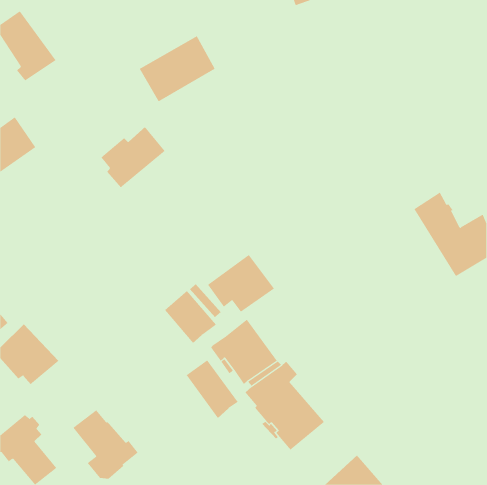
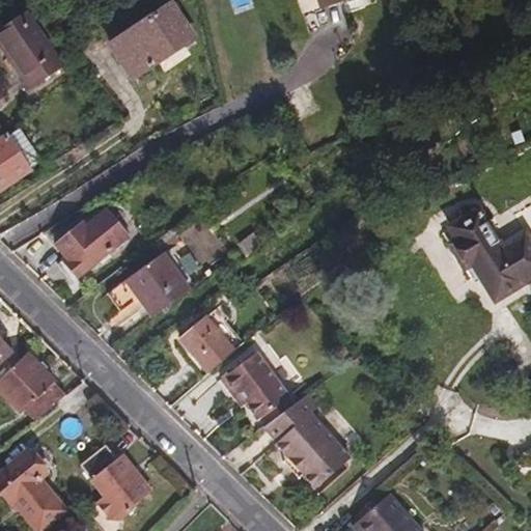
building: [139,35,215,102] -> [110,5,193,78]
building: [100,126,165,188] -> [55,209,125,277]
building: [207,254,275,312] -> [114,253,188,316]
building: [186,360,238,419] -> none

